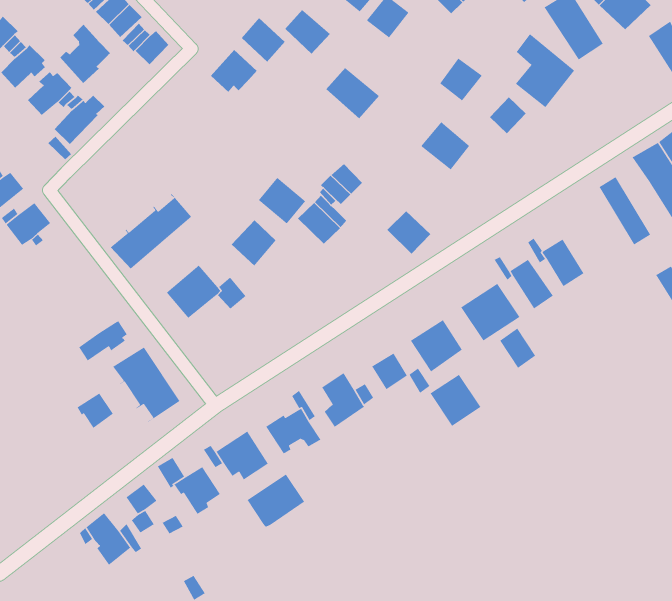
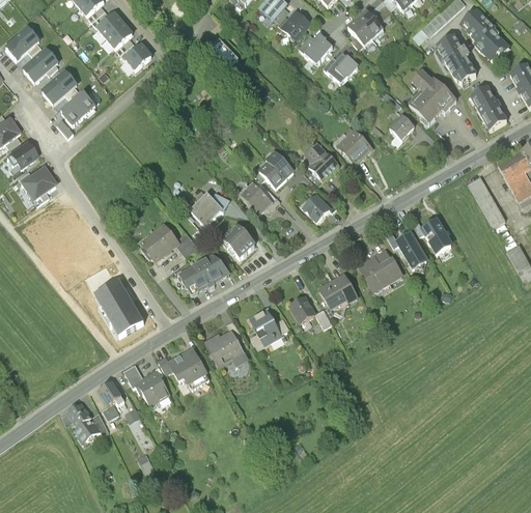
building: [284,9,331,54] -> none
building: [60,24,111,84] -> none
building: [210,49,257,93] -> none
building: none -> [471,84,507,127]
building: [439,58,483,102] -> [323,47,356,80]
building: [326,67,380,119] -> [299,140,339,179]
building: [258,177,306,225] -> [220,220,256,256]
building: [110,193,192,269] -> none
building: none -> [179,255,229,293]
building: [78,320,128,361] -> none
building: [499,328,536,369] -> none
building: [430,374,481,427] -> none
building: [76,392,114,429] -> none
building: [247,474,305,528] -> none

